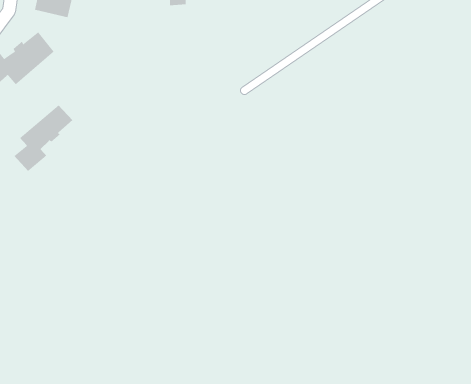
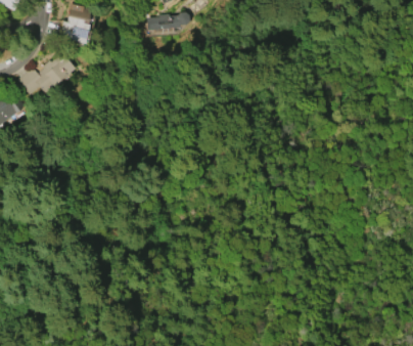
building: [14,104,73,172] -> none

